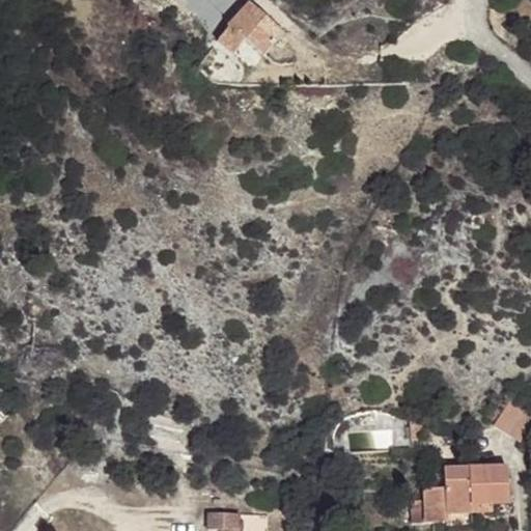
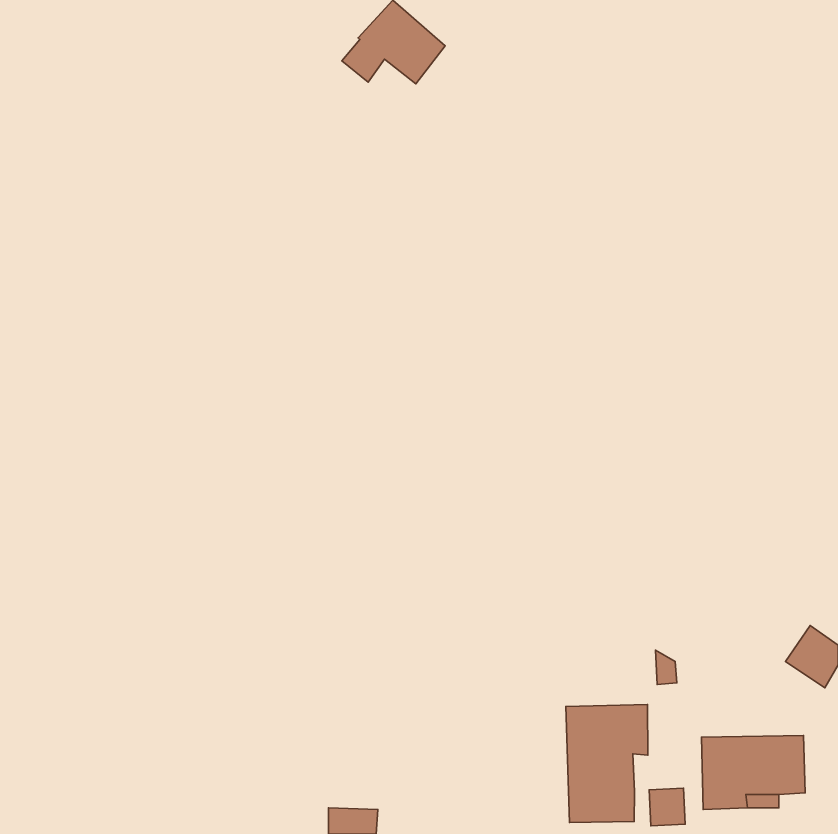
building: none -> [566,705,648,822]

